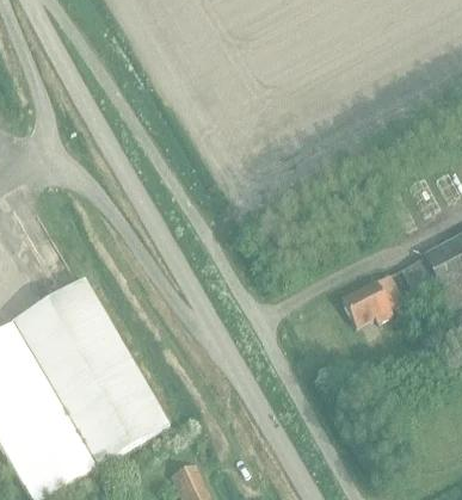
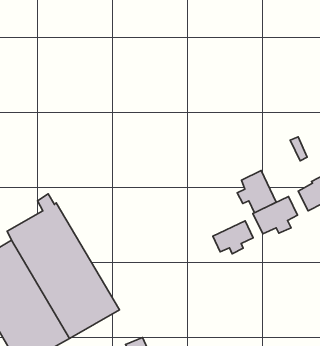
building: none -> [237,171,276,213]
building: none -> [213,221,253,254]

